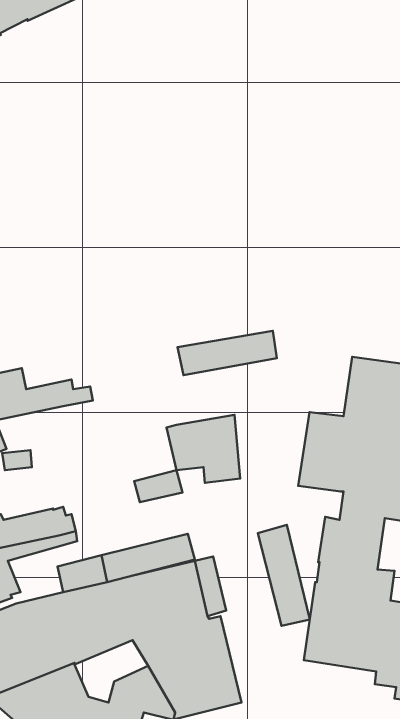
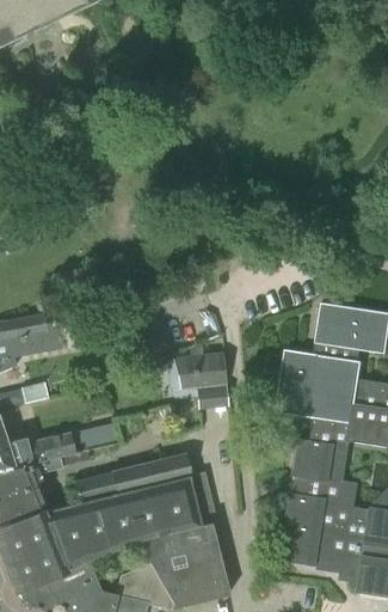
building: [177,331,277,375] -> none
building: [134,470,183,502] -> none
building: [258,525,310,626] -> none

